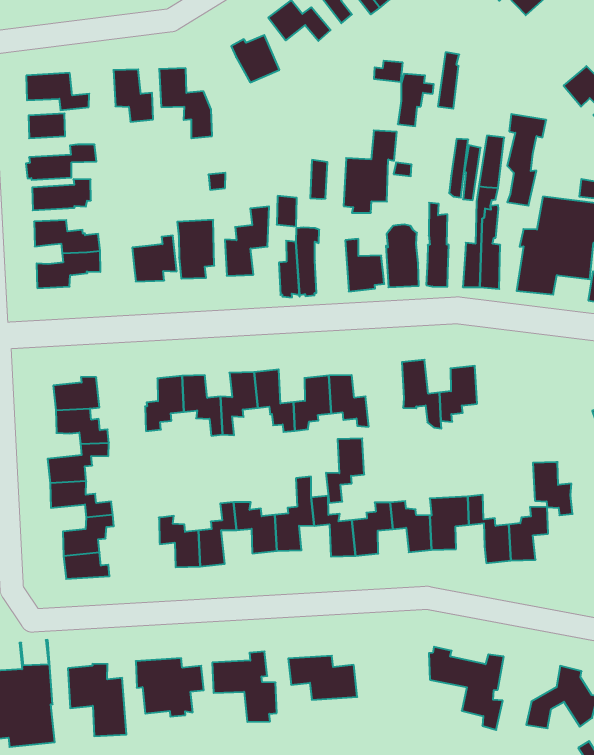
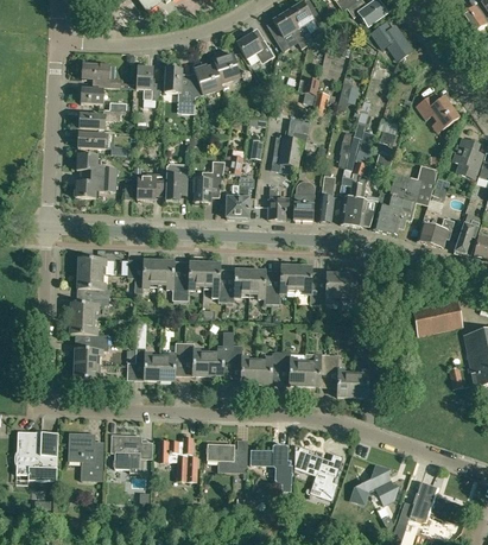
building: none -> [191,65,222,96]
building: [326,438,364,503] -> [272,265,297,304]
building: [533,462,573,515] -> [341,273,365,308]
building: none -> [251,445,291,483]

